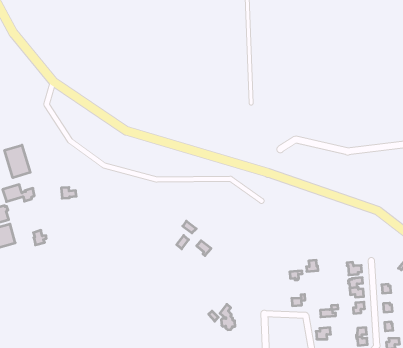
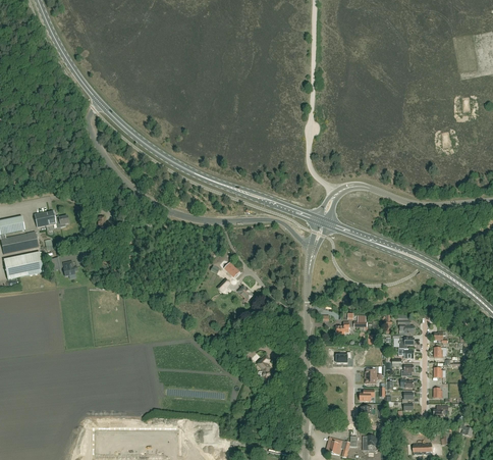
building: [5,145,30,178] -> none

